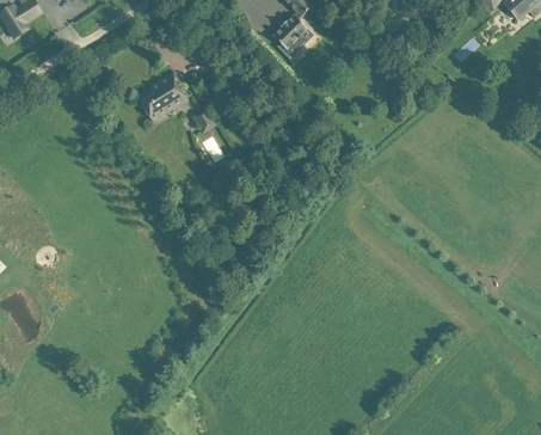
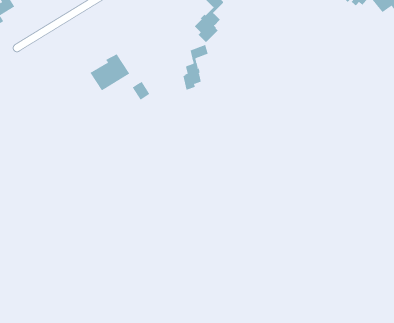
building: none -> [183,44,209,91]

